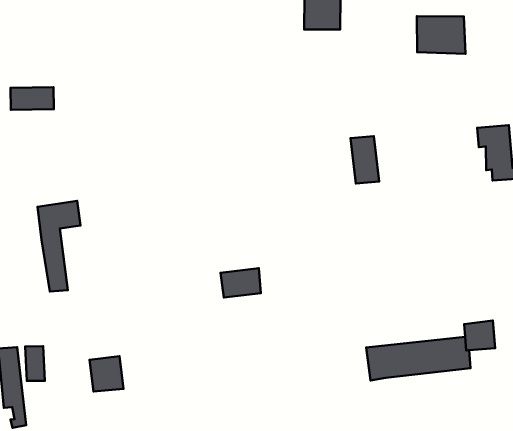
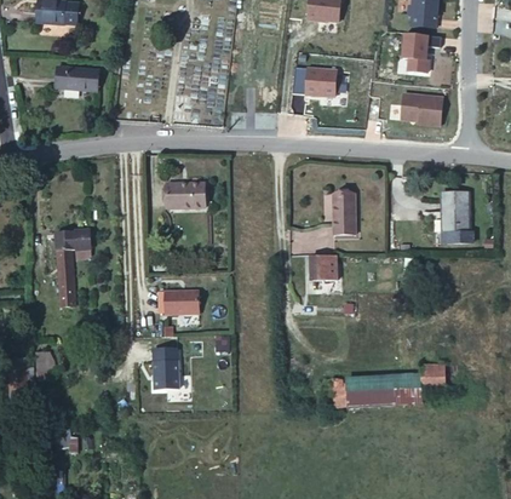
building: [10,87,54,110] -> [54,69,93,91]
building: none -> [165,182,203,206]
building: none -> [309,254,334,277]
building: [220,268,261,297] -> [163,289,197,312]
building: [89,356,124,391] -> [149,359,177,388]

